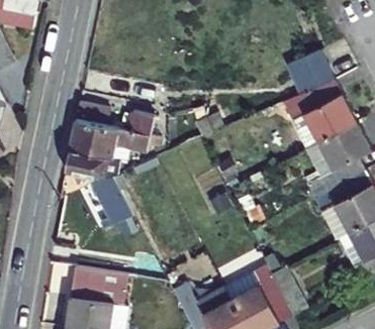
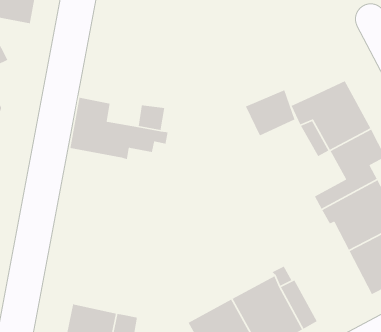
building: [286,51,335,97] -> [245,89,295,137]
building: [64,146,129,224] -> none
building: [73,265,127,305] -> none

